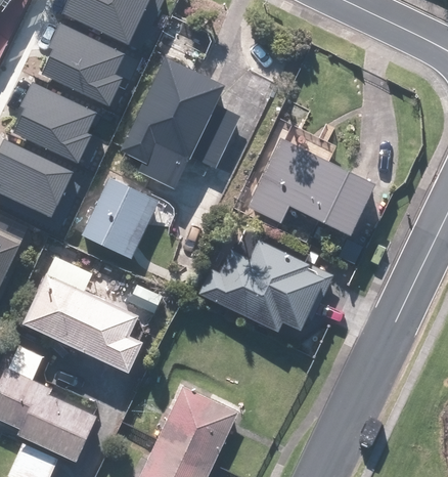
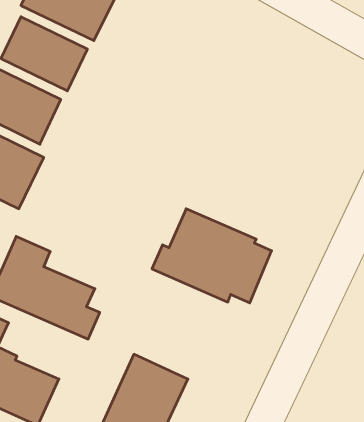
building: [102,58,239,188] -> none
building: [245,138,378,236] -> none
building: [76,176,159,262] -> none

